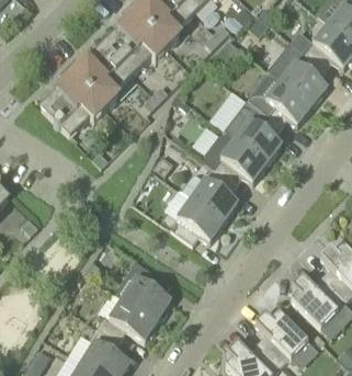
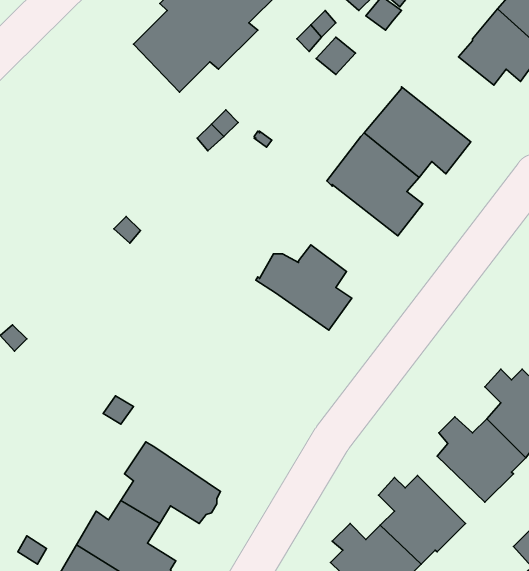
building: [266,41,327,105] -> none
building: [41,45,132,136] -> none
building: [204,132,266,185] -> none
building: [170,198,224,244] -> none
building: [116,263,171,321] -> none

